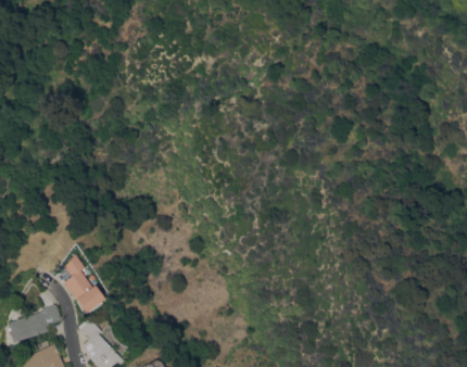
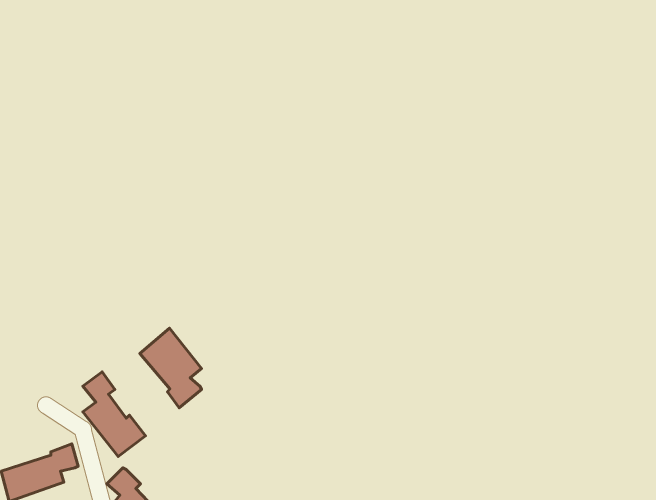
building: none -> [140,328,202,408]

